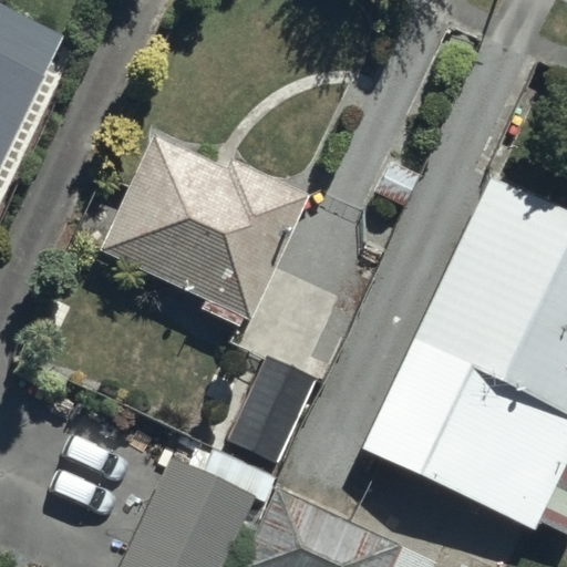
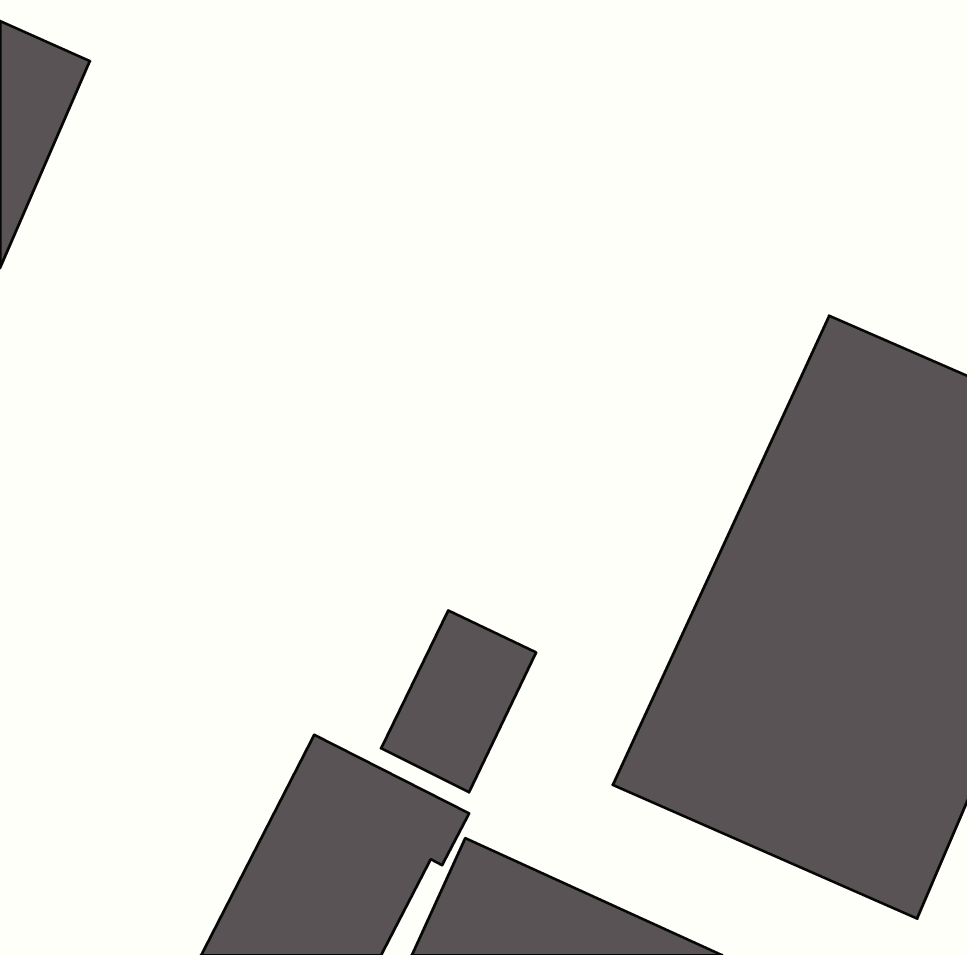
building: [101,137,309,322] -> none

